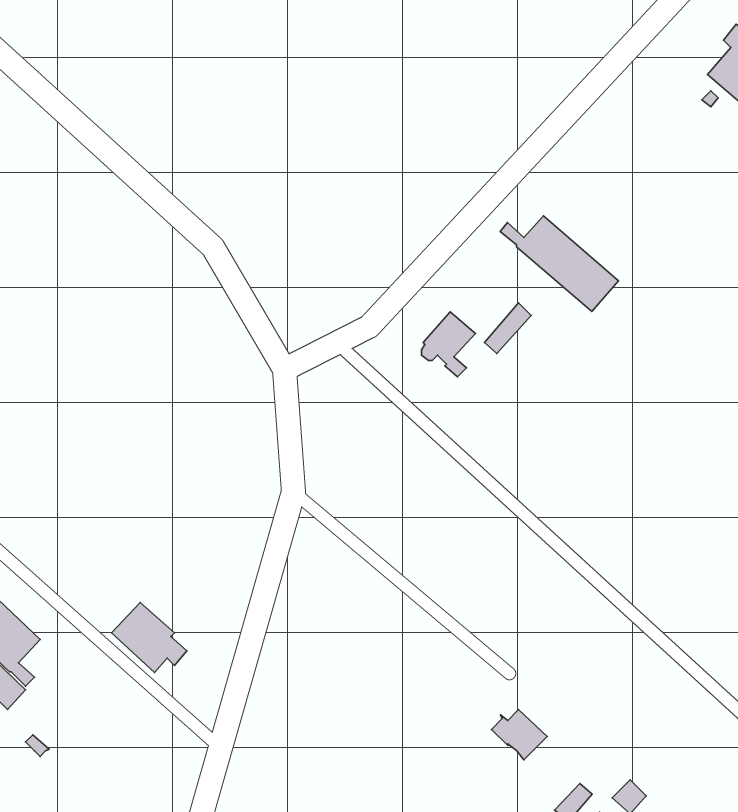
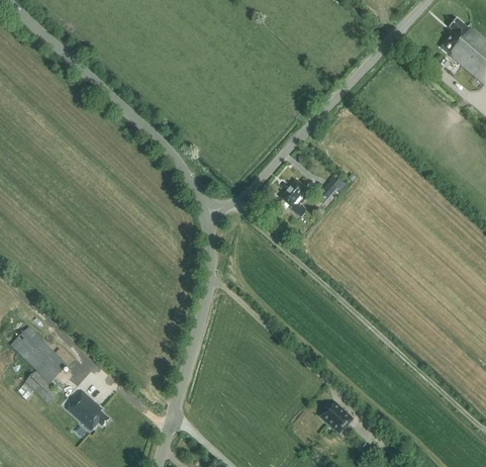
building: [500,216,619,312] -> none
building: [111,602,187,673] -> [67,391,109,431]

